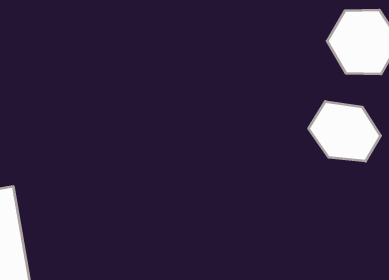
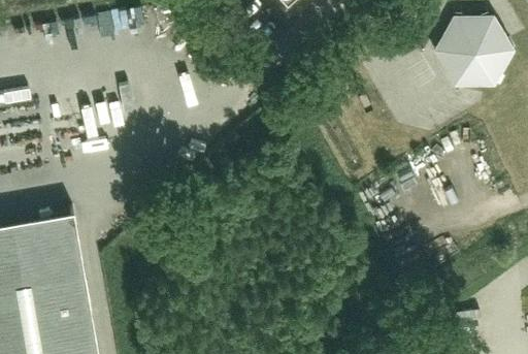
building: [309,101,381,161] -> none

